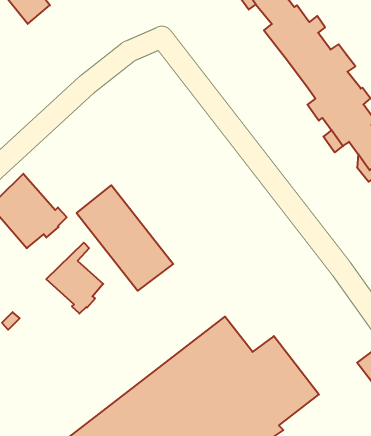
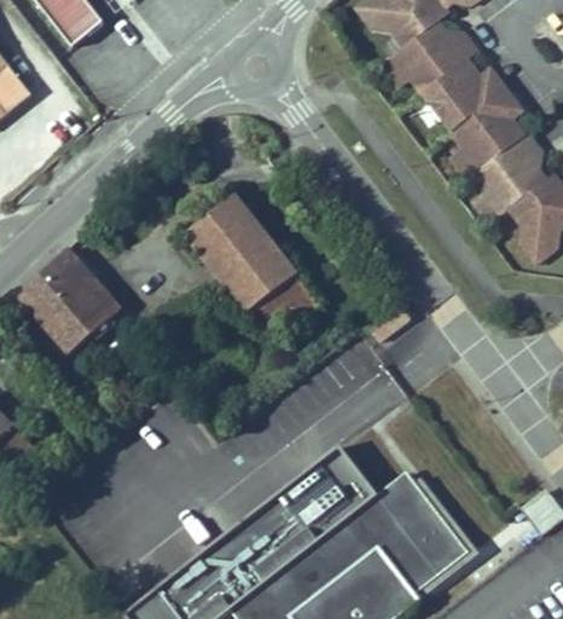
building: [77,185,173,291] -> [187,196,319,340]
building: [46,243,103,314] -> none

